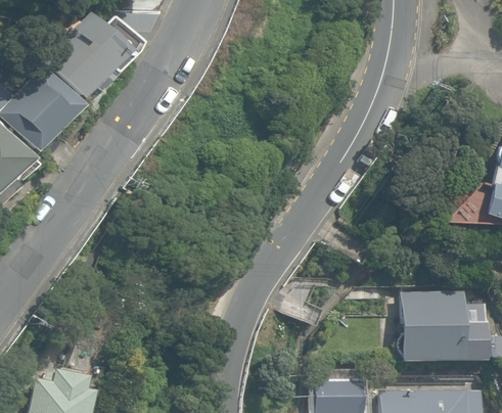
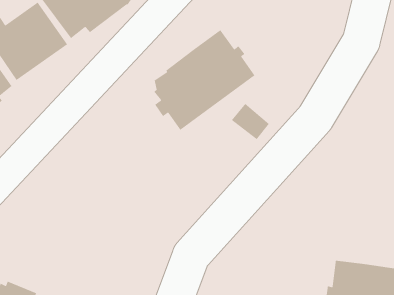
building: none -> [153,29,255,131]

